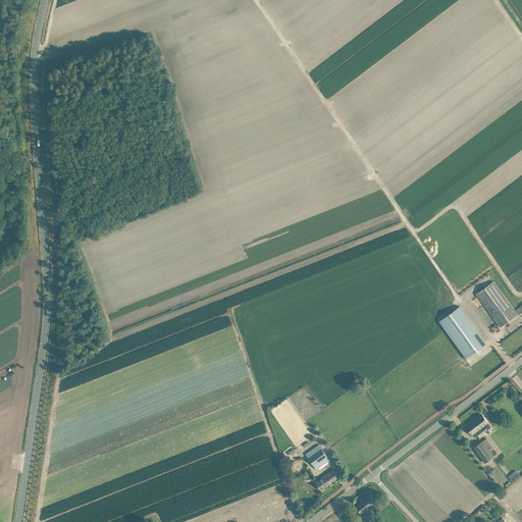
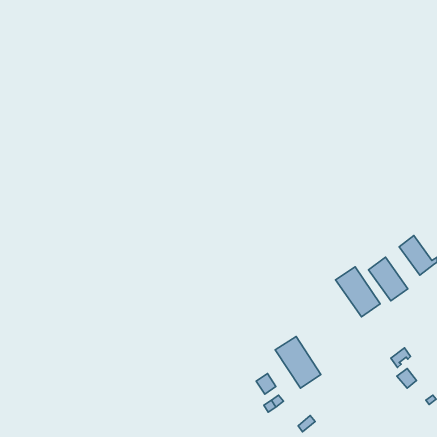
building: none -> [335,267,380,317]
building: none -> [275,337,321,388]

